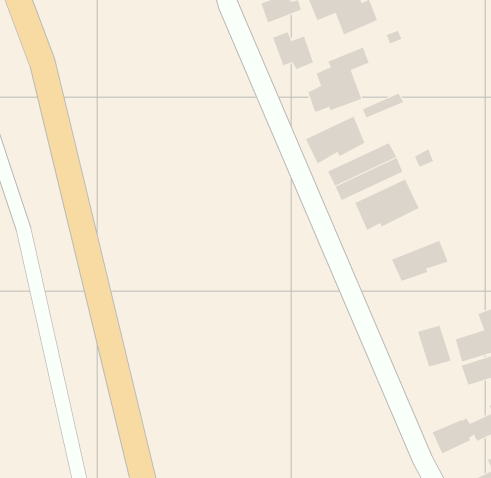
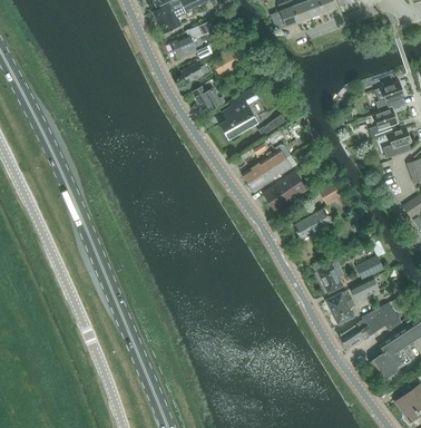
building: [305,116,365,164] -> none
building: none -> [326,290,355,324]

